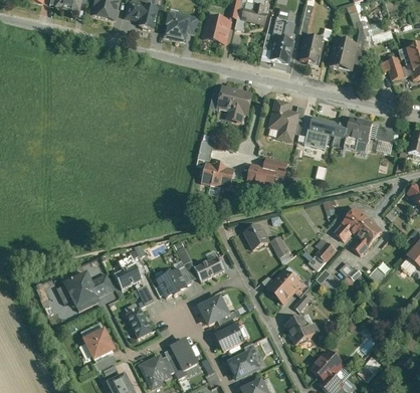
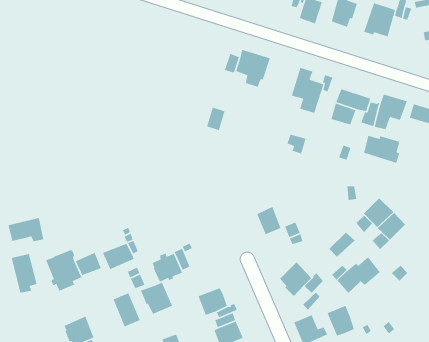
building: none -> [363,135,403,164]
building: [204,164,233,187] -> none
building: [248,165,275,187] -> none
building: none -> [8,217,44,242]
building: [195,256,225,281] -> none
building: none -> [140,281,173,315]
building: none -> [327,305,355,337]

